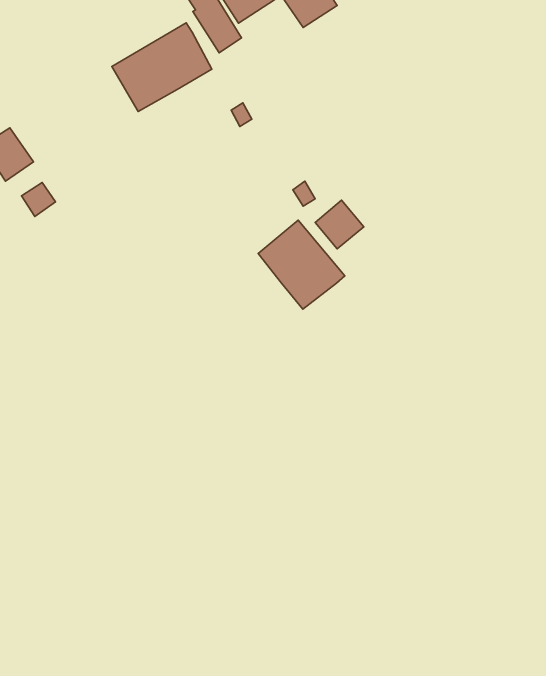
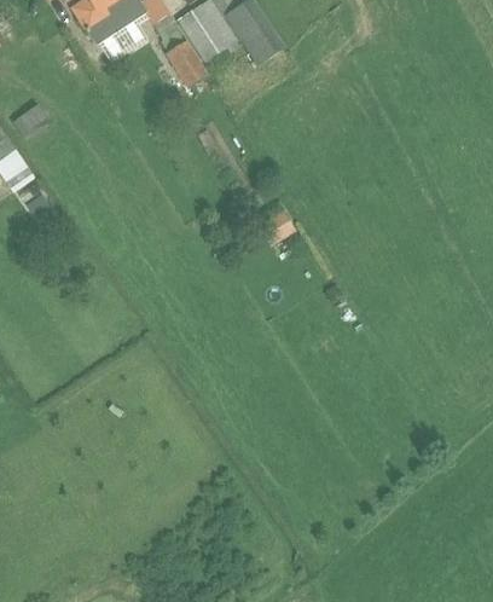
building: [112,23,212,111] -> none
building: [258,220,345,309] -> none

